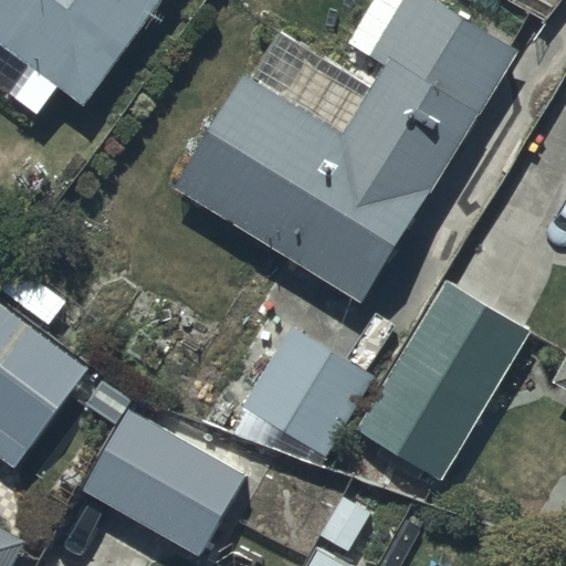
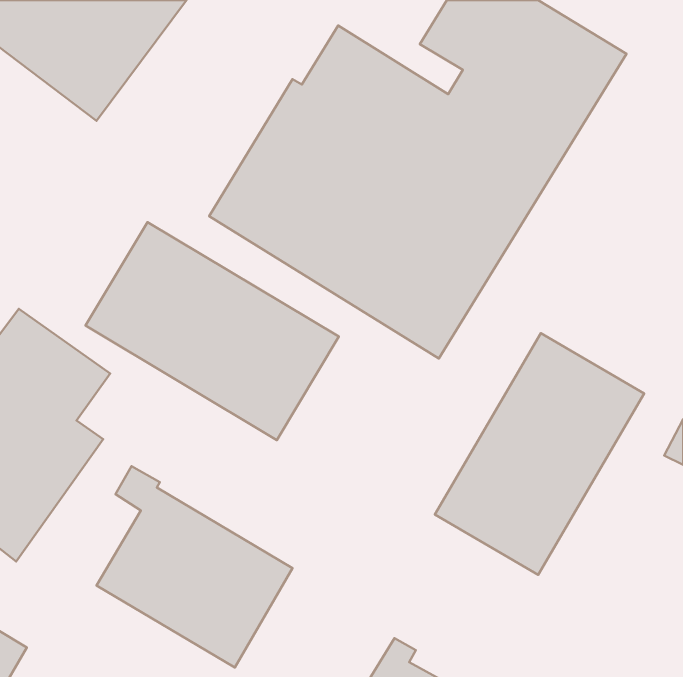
building: none -> [85,222,339,440]
building: [241,323,374,458] -> none

